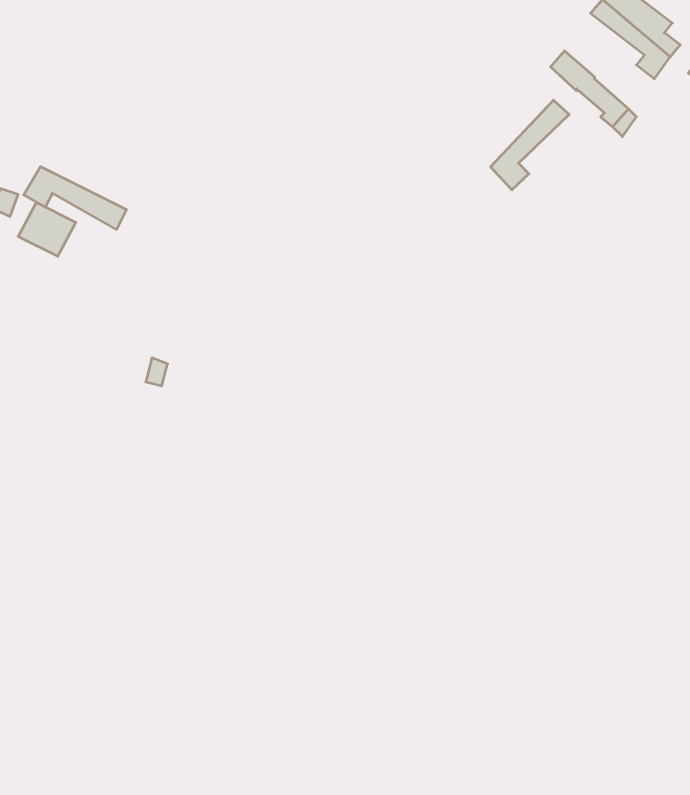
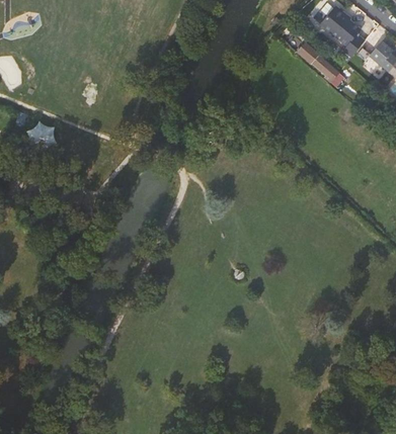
building: [491,100,569,190] -> none
building: [24,167,126,229] -> none

